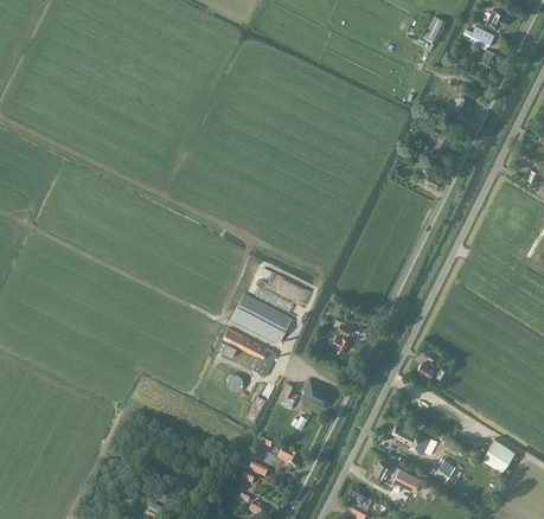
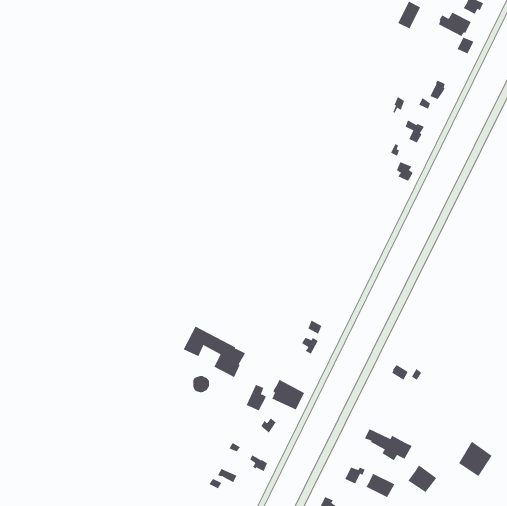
building: [232,294,292,344] -> none

